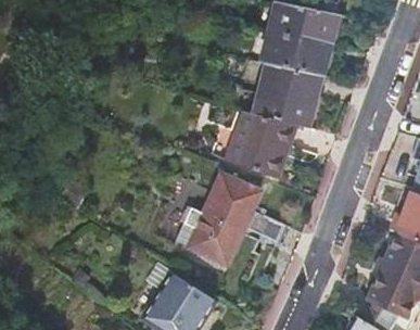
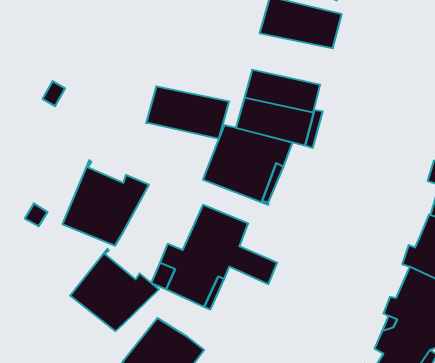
building: [258,30,330,75] -> [146,86,229,138]
building: none -> [63,160,149,246]
building: none -> [70,249,159,331]

